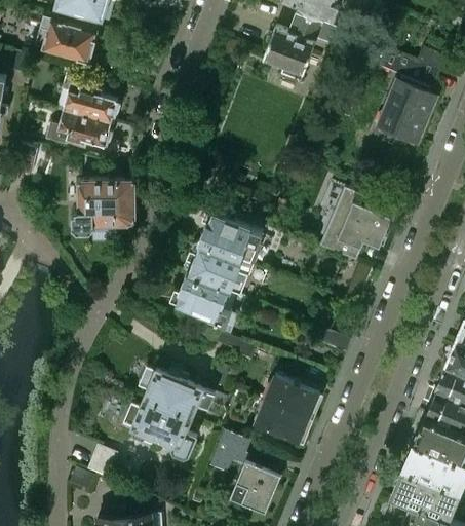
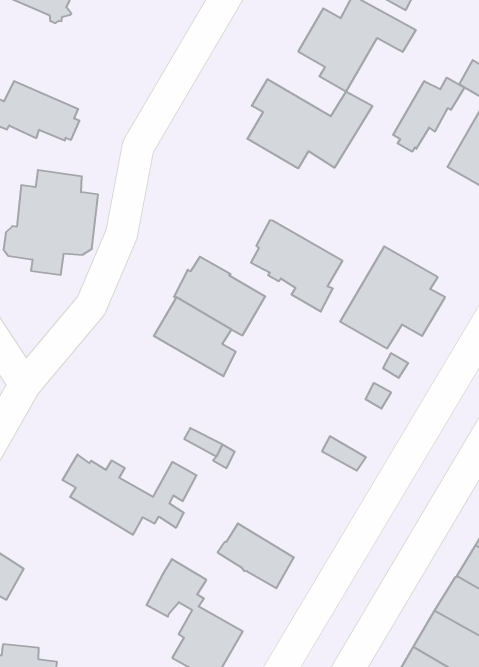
building: none -> [393,78,465,152]
building: [63,76,121,122] -> none
building: none -> [247,79,372,168]
building: [177,275,241,335] -> [251,220,343,312]
building: [266,375,319,418] -> none
building: [122,398,195,458] -> none

